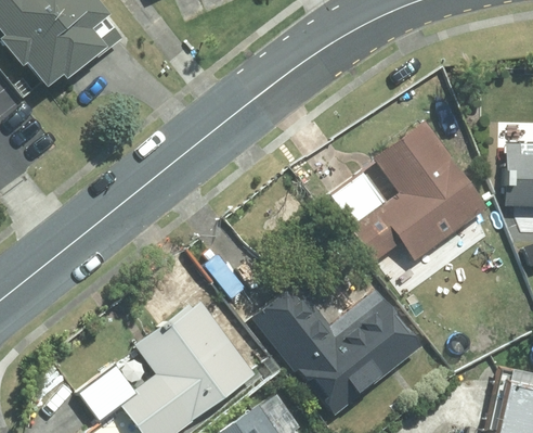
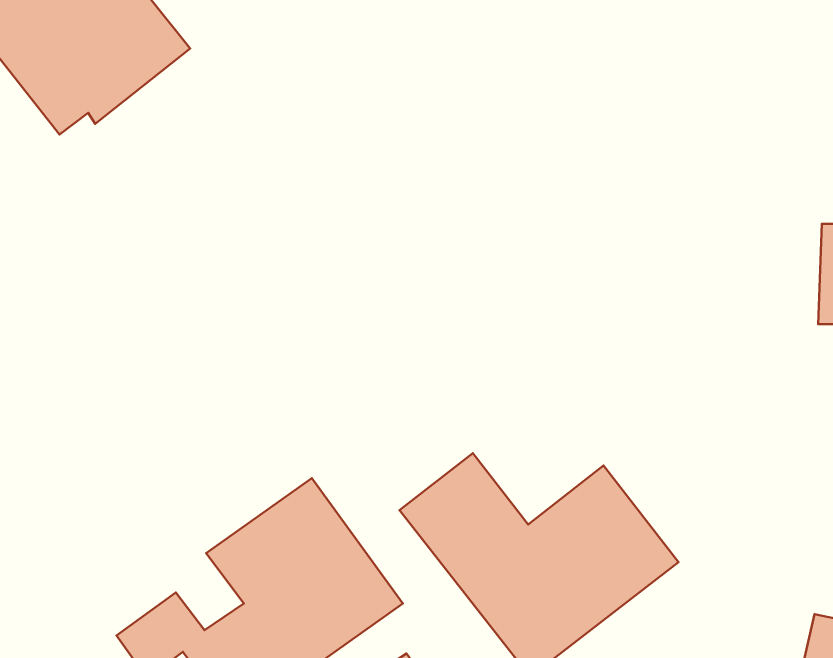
building: [330,122,486,260] -> none

